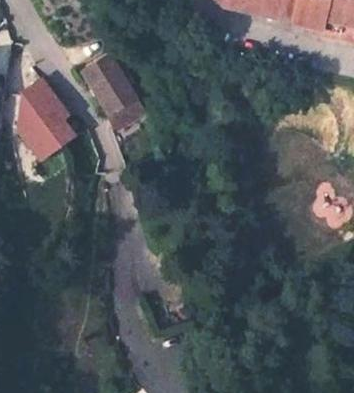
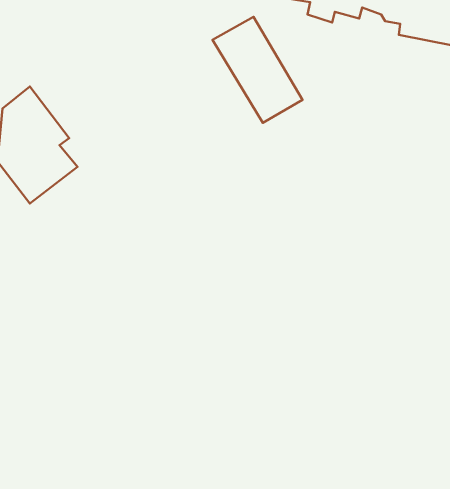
building: [81,53,147,131] -> [213,17,302,123]

